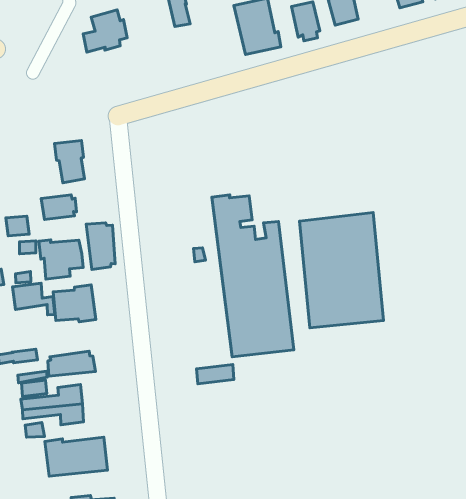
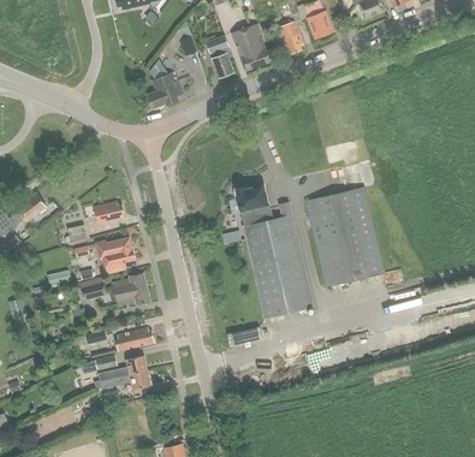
building: none -> [204,35,232,77]
building: [83,10,127,52] -> [146,72,182,109]
building: [55,140,85,183] -> none
building: [86,223,115,269] -> none
building: [45,437,108,476] -> none

